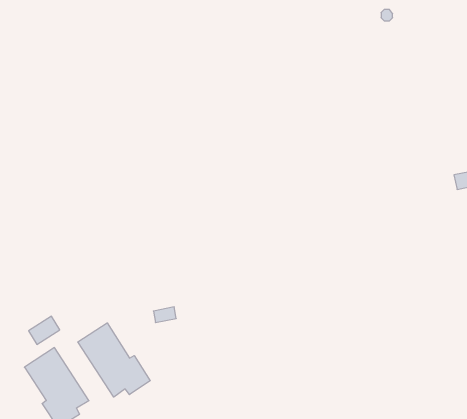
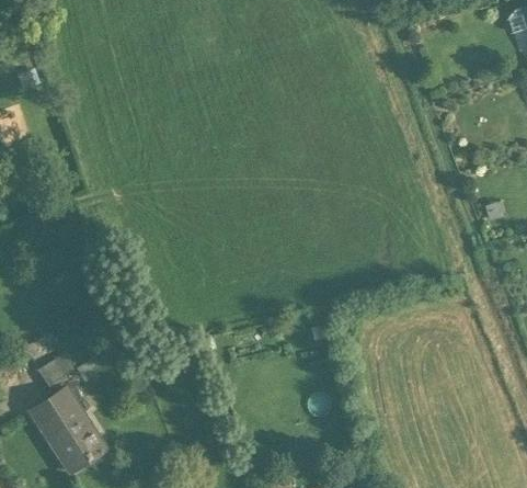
building: [78,323,150,397] -> none

